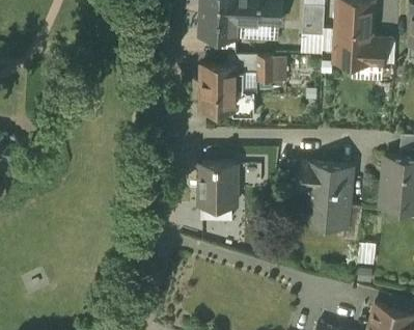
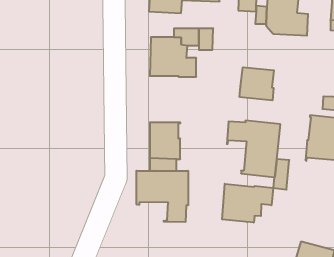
building: none -> [240,67,274,100]
building: none -> [136,171,188,222]
building: none -> [222,184,273,223]

